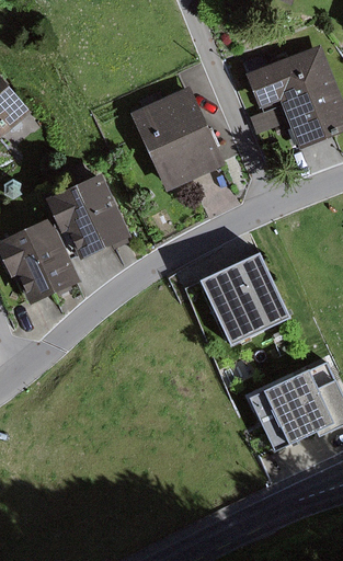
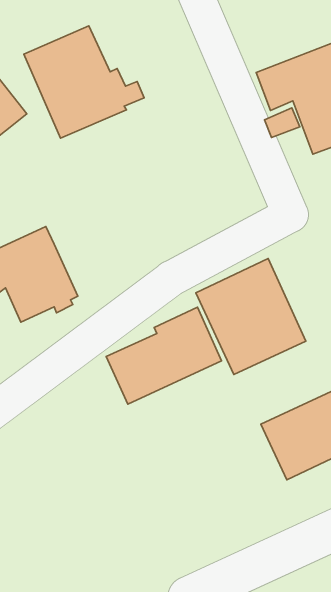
building: [128,88,240,192] -> [24,26,144,138]
building: [44,172,130,260] -> none
building: none -> [106,307,222,404]

